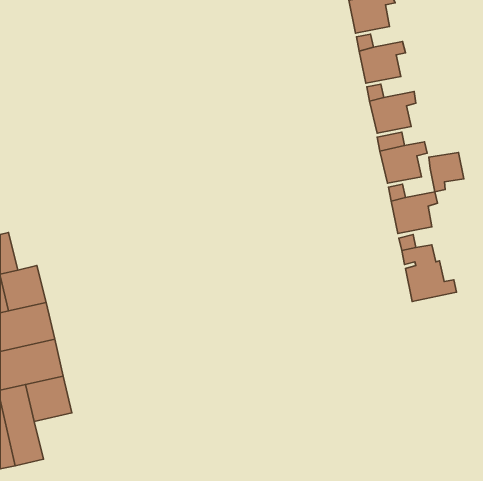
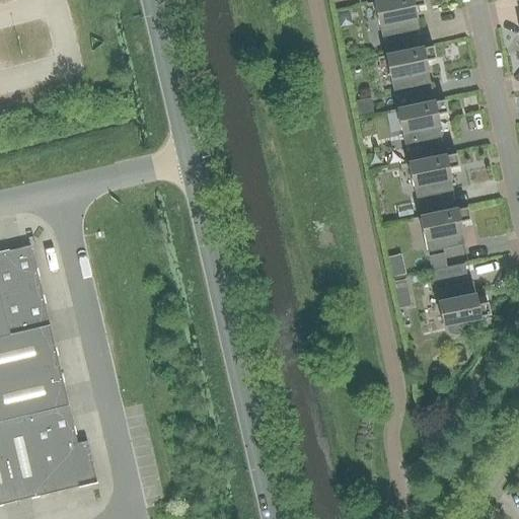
building: [429,152,464,192] -> none
building: none -> [9,244,40,290]
building: none -> [36,443,97,493]

